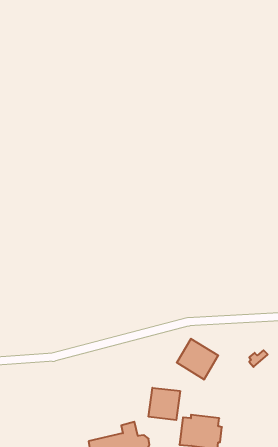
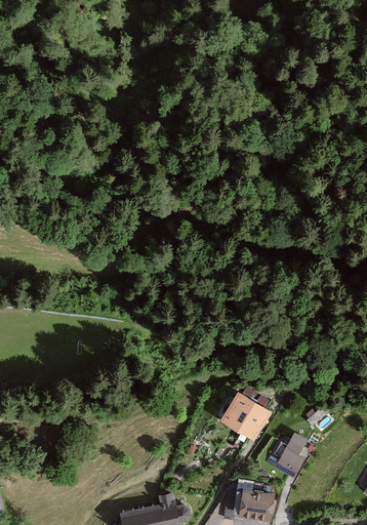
building: none -> [274,434,305,477]
building: [149,388,180,420] -> none

